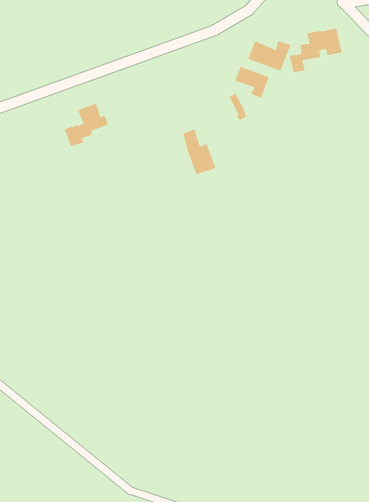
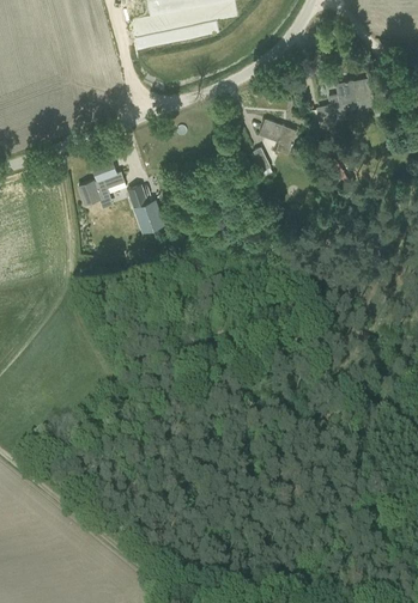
building: [248,40,291,72] -> none
building: [182,129,216,175] -> [128,185,164,234]

